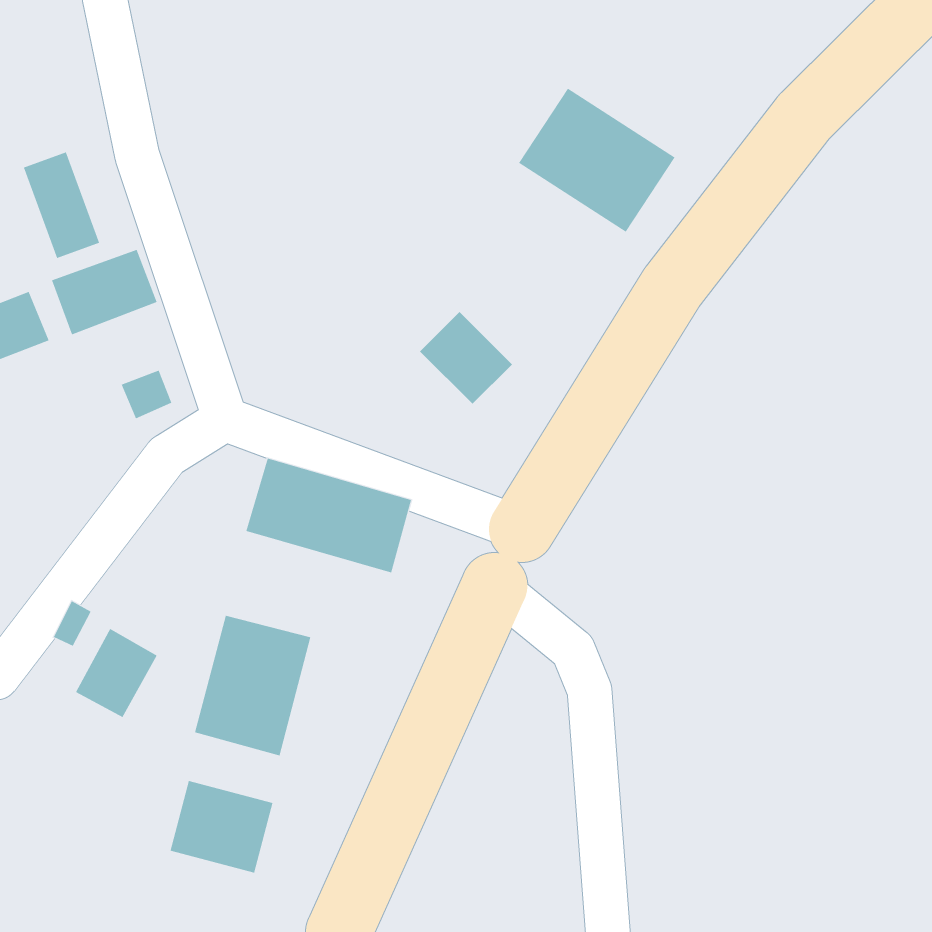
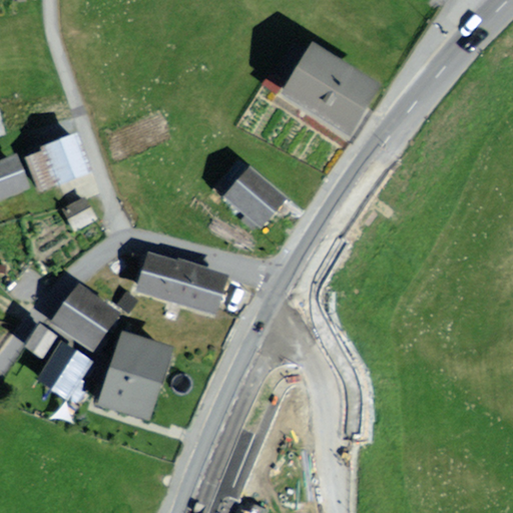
building: [23,151,100,259] -> none
building: none -> [58,289,112,344]
building: [170,780,273,873] -> none

